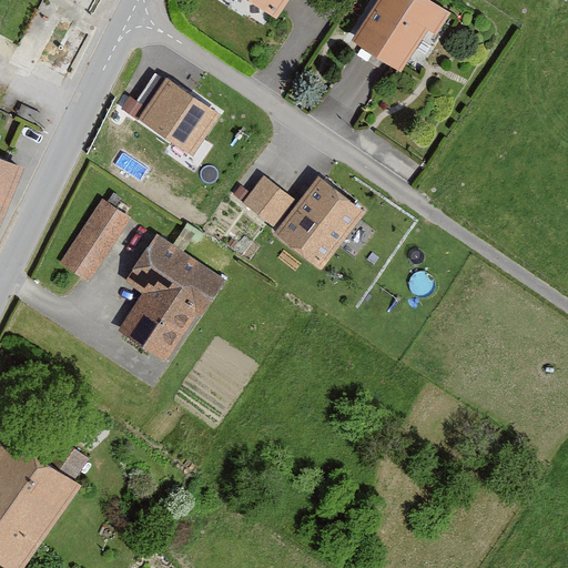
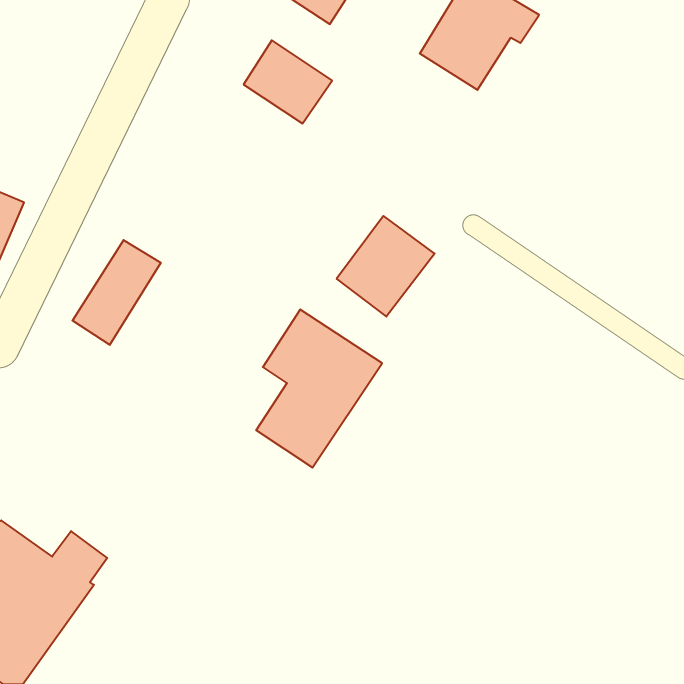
building: [142,79,215,148] -> [244,40,332,123]
building: [241,171,293,223] -> none
building: [118,235,222,366] -> [256,309,382,468]

